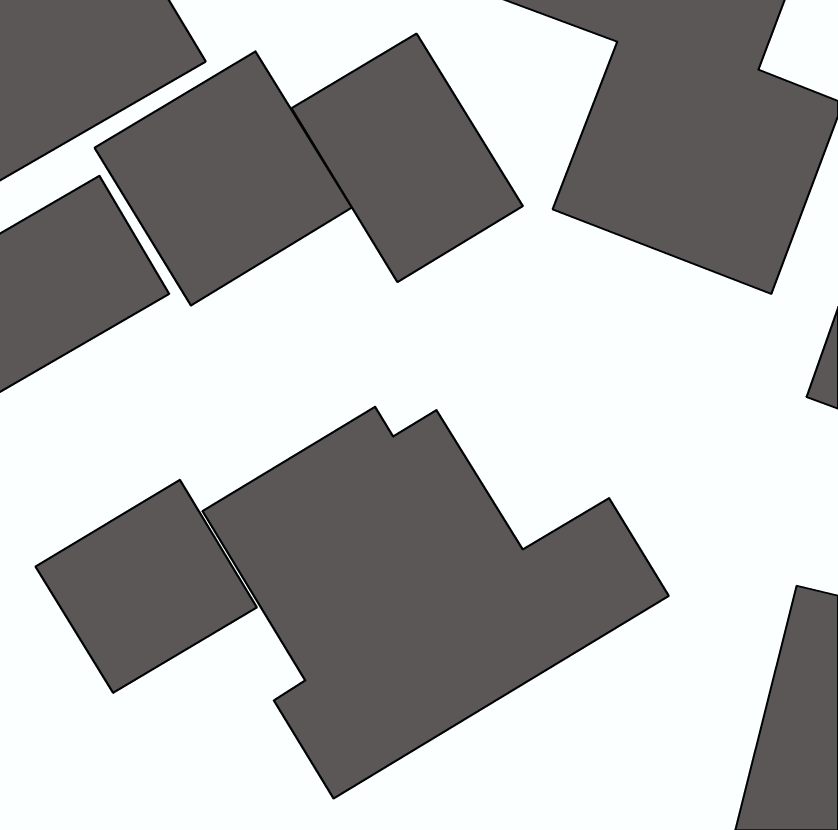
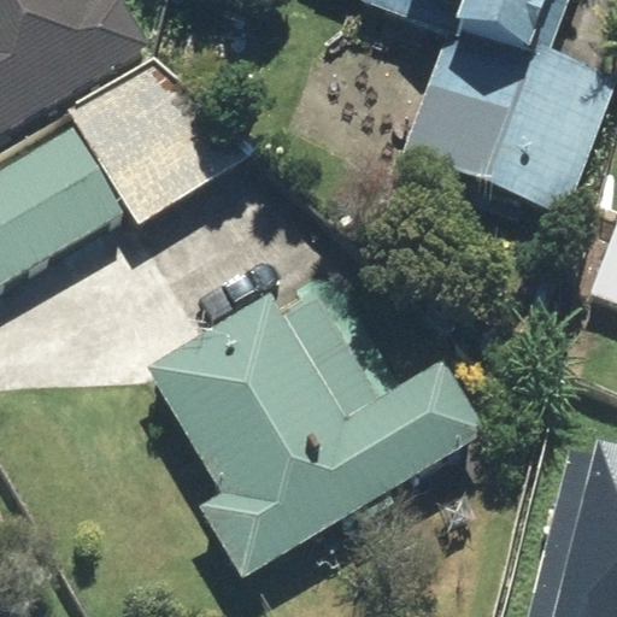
building: [292,34,523,282] -> none
building: [36,480,257,693] -> none

